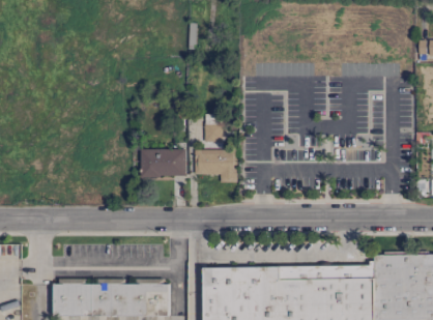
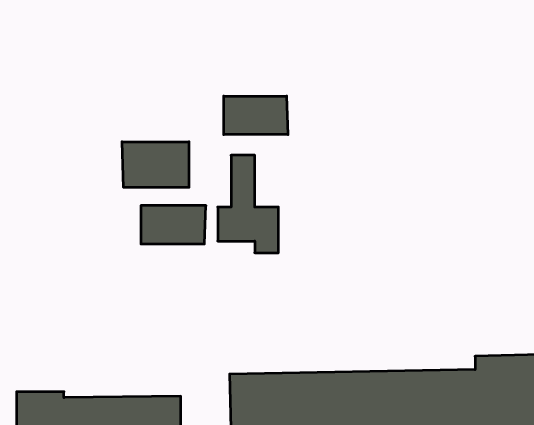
building: none -> [224,96,288,135]
building: none -> [122,142,189,187]

